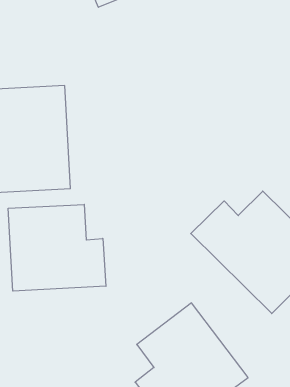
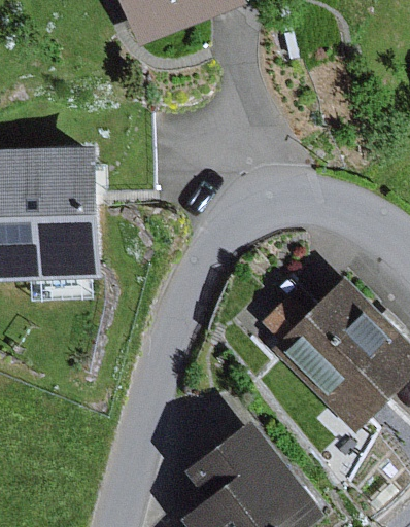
building: [8,204,106,291] -> none

